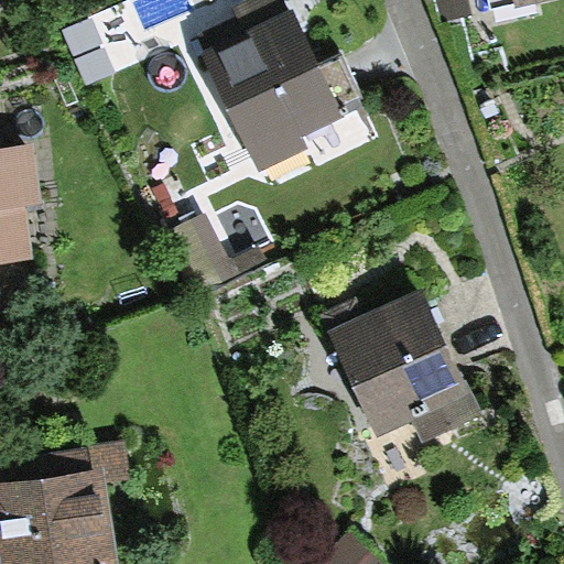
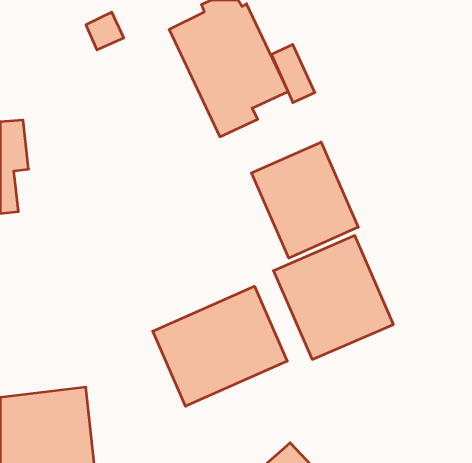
building: none -> [251,142,358,258]
building: none -> [153,286,287,406]

